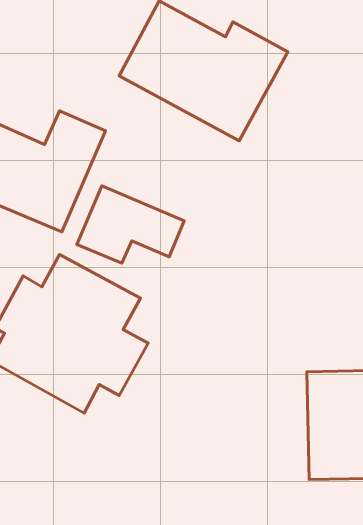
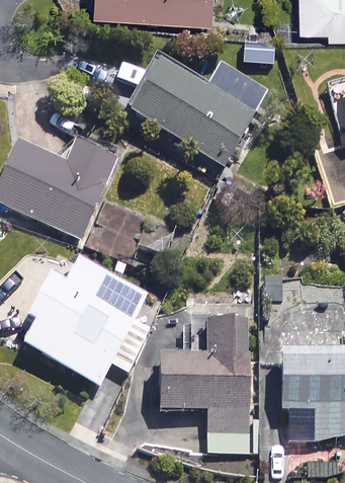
building: none -> [157,319,254,453]

